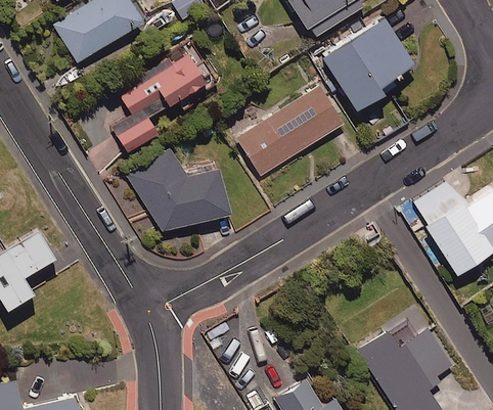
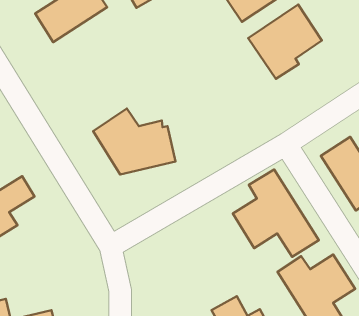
building: [105,48,217,151] -> none
building: [236,84,344,176] -> none
building: none -> [233,170,319,257]

